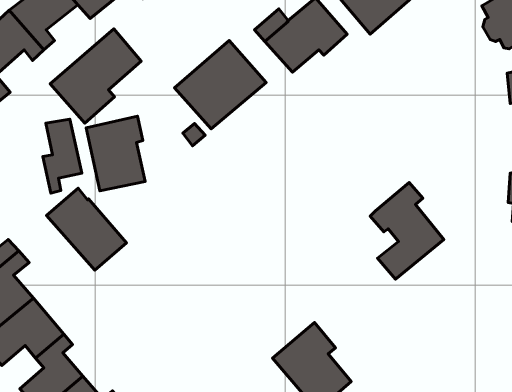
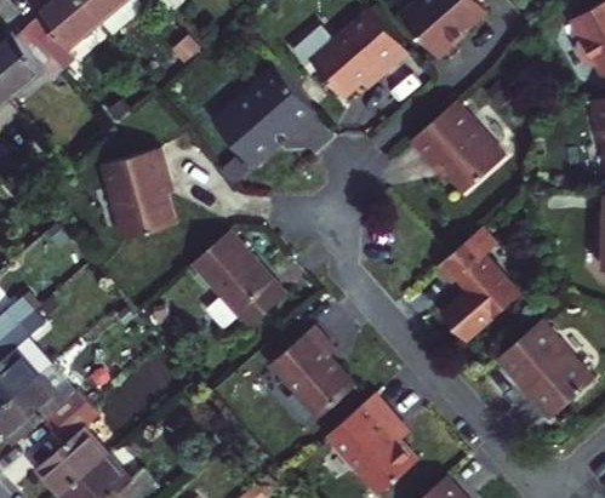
building: [50,29,141,123] -> none
building: none -> [409,105,503,196]
building: [43,119,82,193] -> none
building: [46,188,126,270] -> [193,228,285,322]
building: none -> [495,321,593,422]
building: none -> [273,326,356,418]

